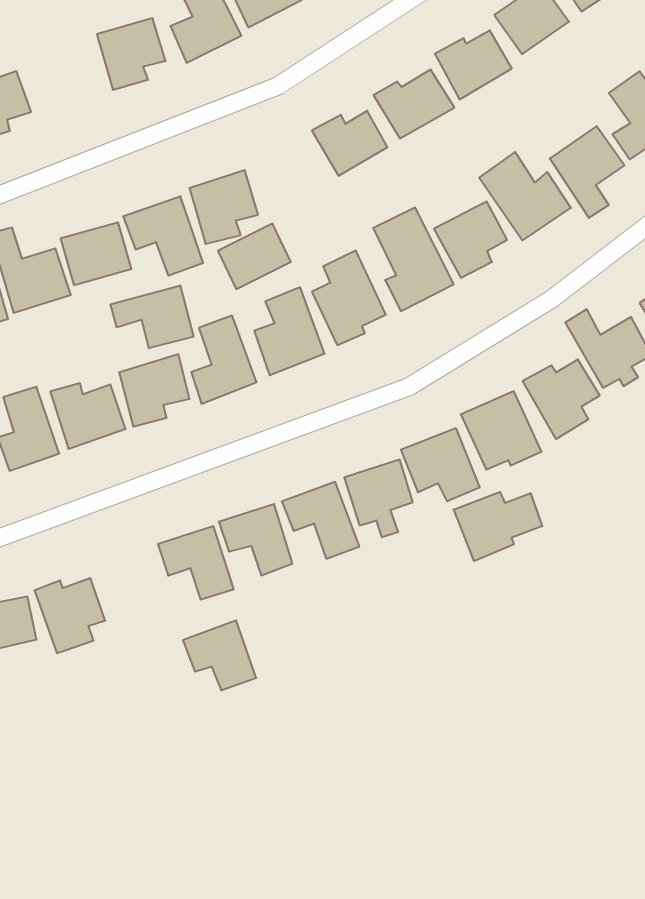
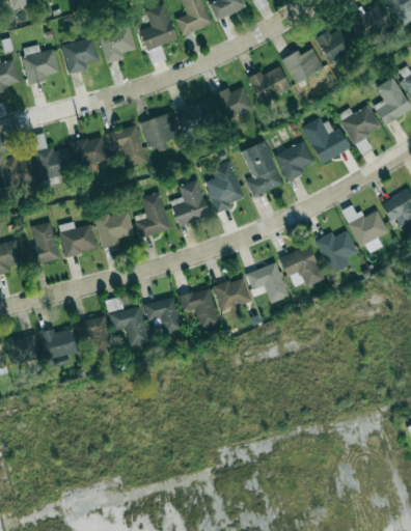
building: none -> [61,36,99,74]
building: [218,224,291,289] -> [174,100,214,134]
building: [111,285,193,348] -> none
building: [454,492,542,561] -> none
building: [183,621,256,690] -> [75,315,113,353]

